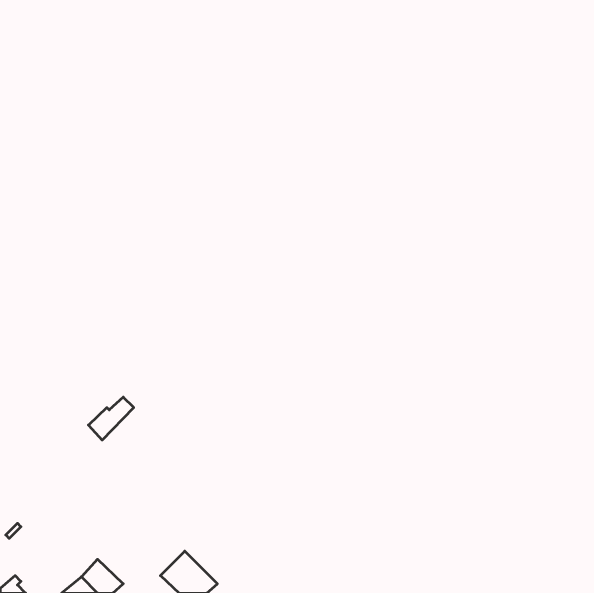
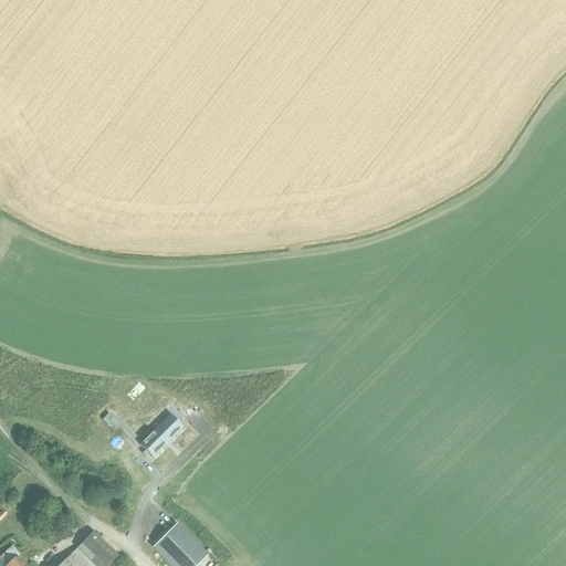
building: [88,397,134,440] -> [139,417,182,458]

